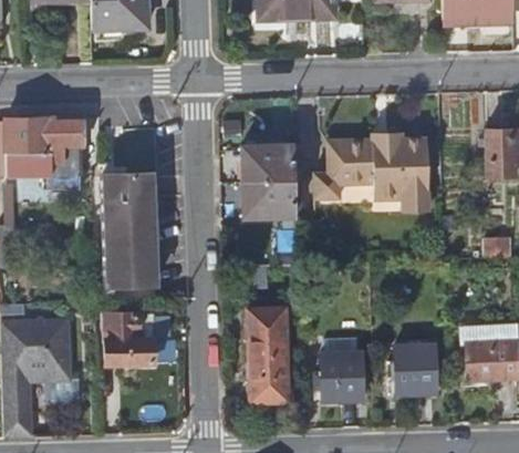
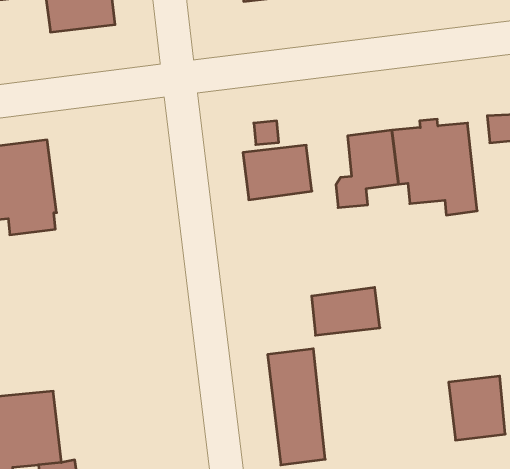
building: [106,176,158,286] -> none
building: [243,181,297,215] -> [312,287,380,335]
building: [103,318,156,371] -> none
building: [312,354,360,402] -> none

